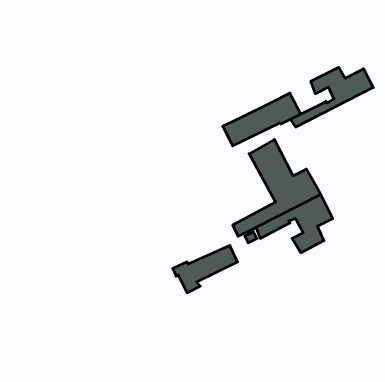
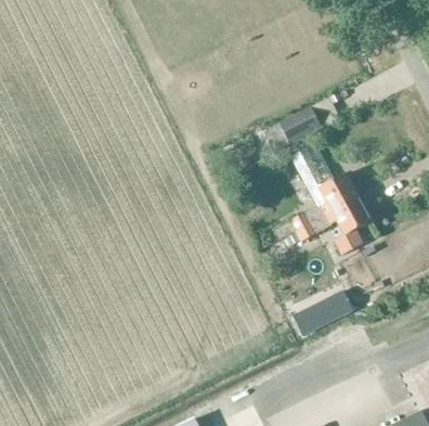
building: [290,67,373,127] -> none
building: [173,245,238,293] -> [290,292,354,338]

